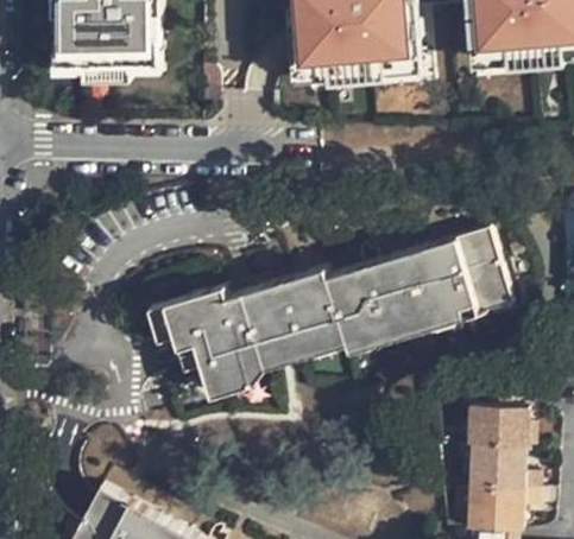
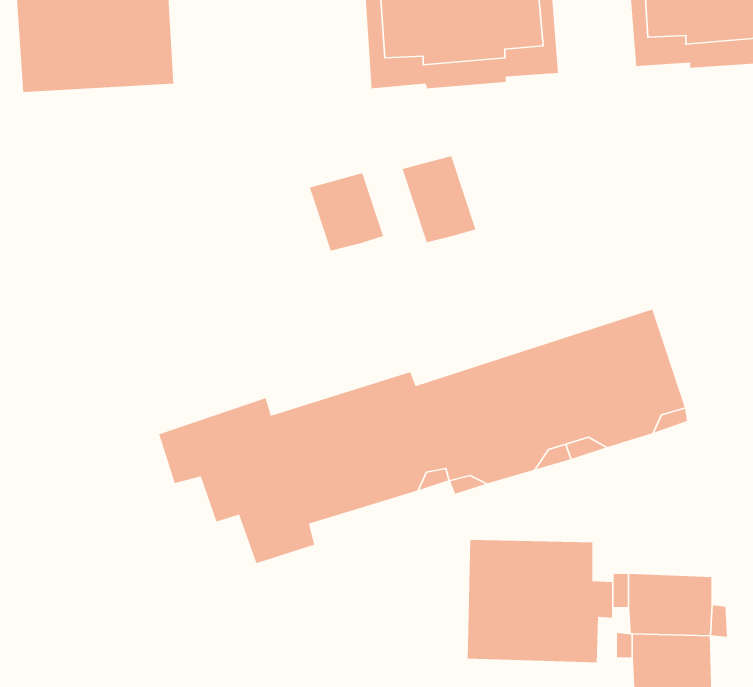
building: none -> [402,155,476,243]
building: none -> [309,172,384,252]
building: none -> [467,539,613,663]

